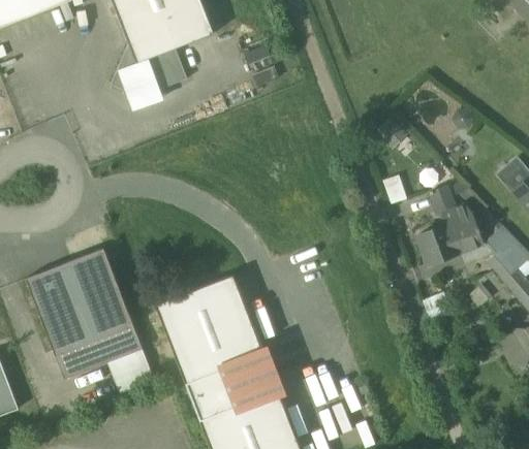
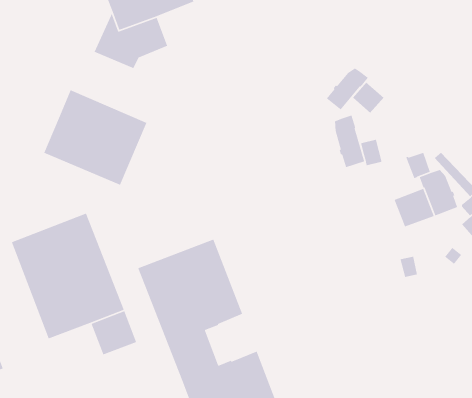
building: none -> [326,67,369,110]
building: none -> [43,89,147,186]
building: none -> [334,114,365,168]
building: [225,352,278,404] -> none

